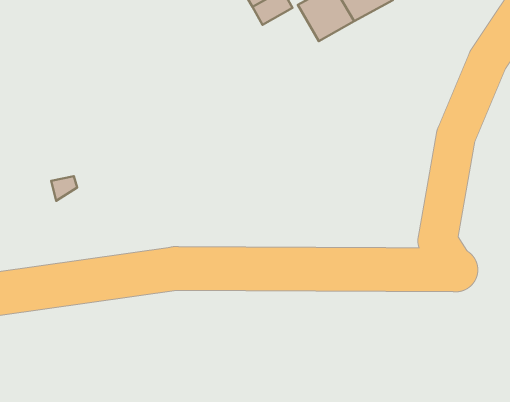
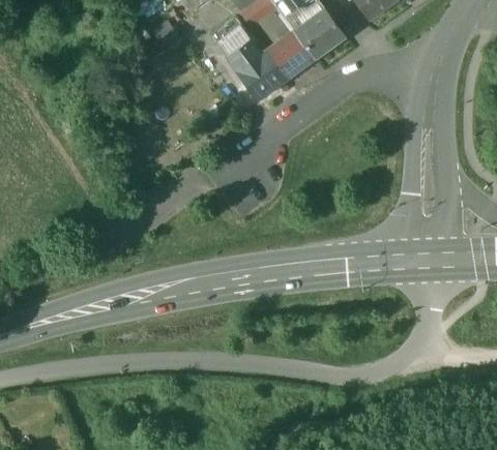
building: none -> [236,50,286,98]

